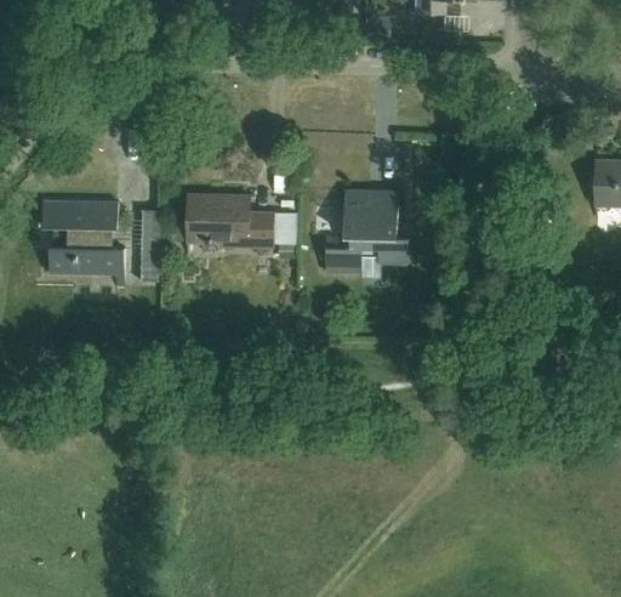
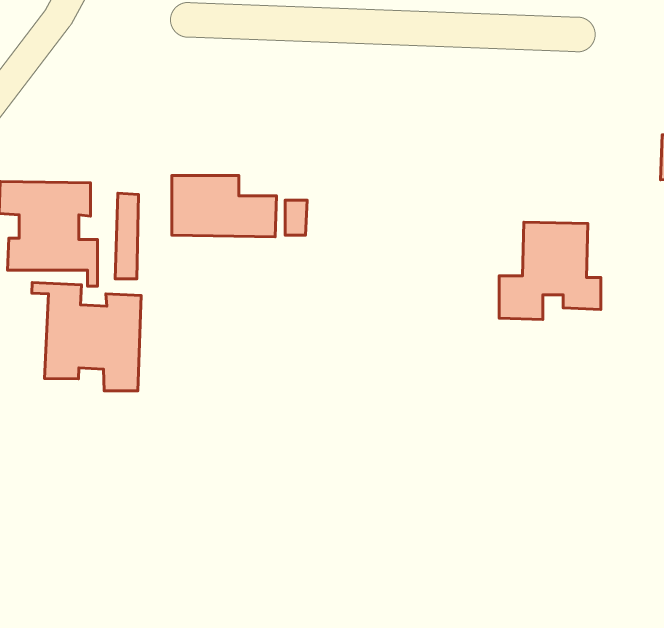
building: [325,191,410,272] -> [499,222,601,320]
building: none -> [32,282,141,391]

